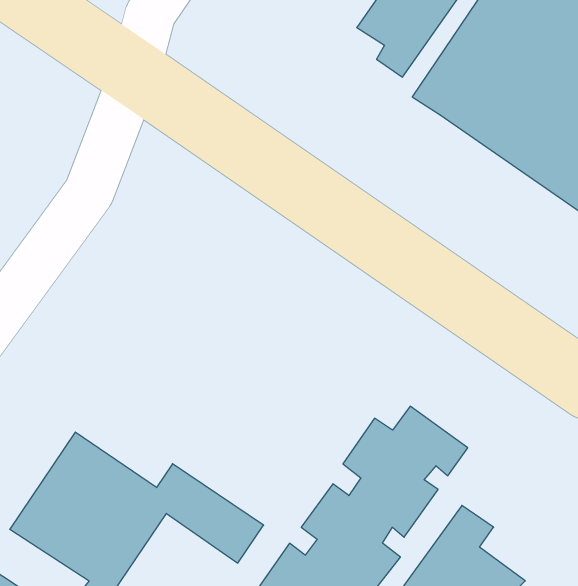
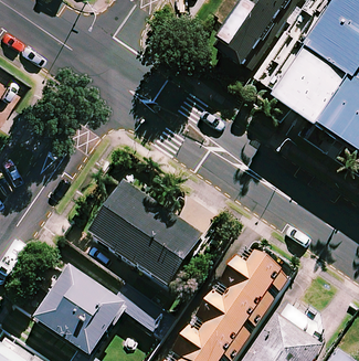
building: none -> [95,192,208,296]

